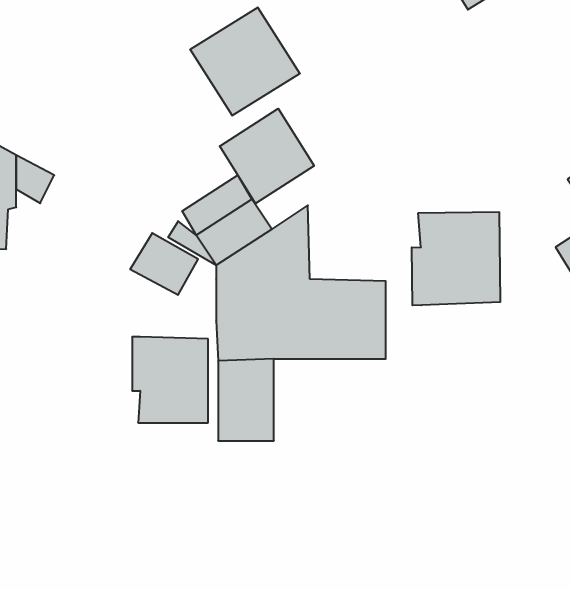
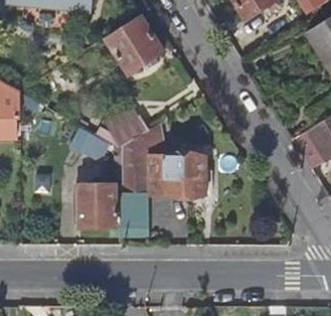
building: [220,109,314,203] -> none
building: [412,212,500,305] -> none

